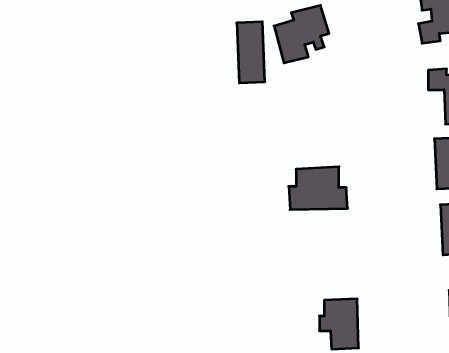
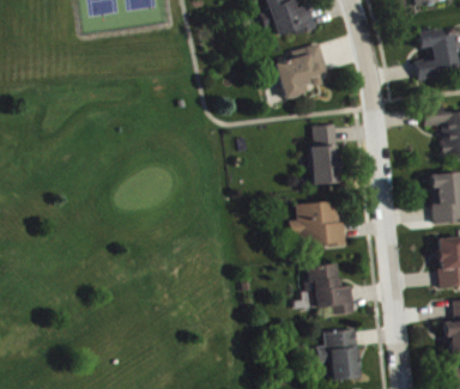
building: [237,22,265,83] -> [310,124,338,184]
building: none -> [301,265,353,315]

